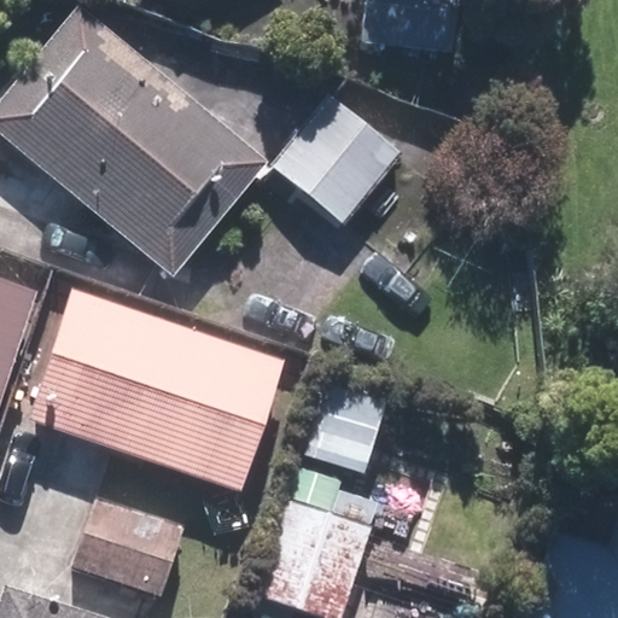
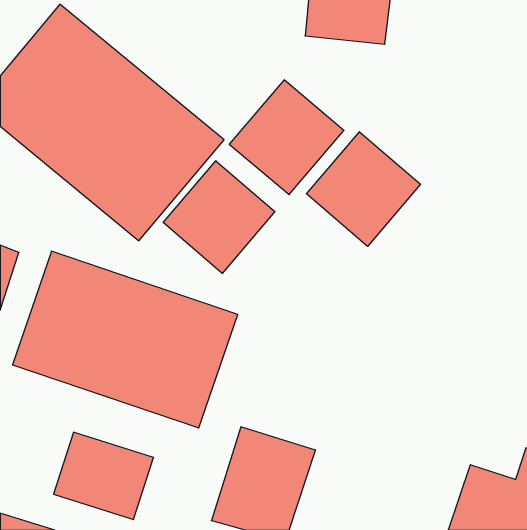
building: none -> [306,132,420,246]
building: none -> [163,161,275,273]

